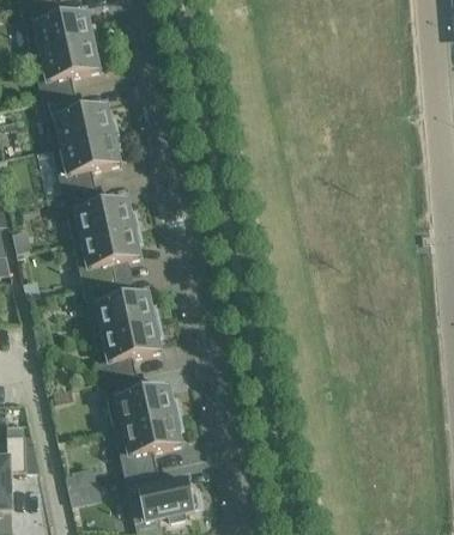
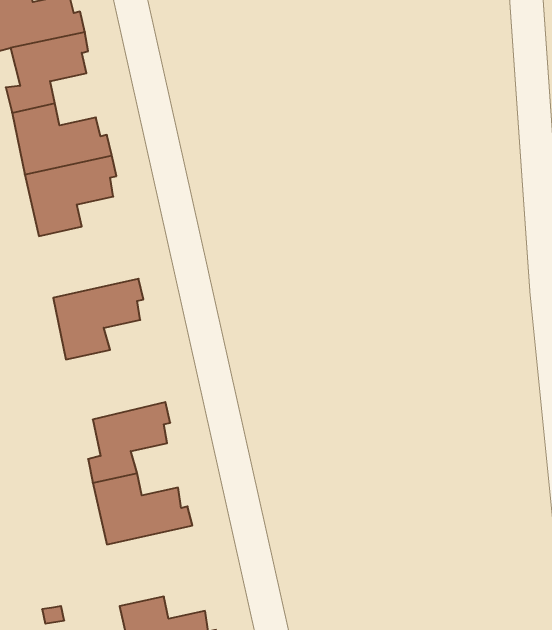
building: [63,183,139,237] -> none
building: [84,276,159,330] -> none
building: [115,409,183,470] -> none

